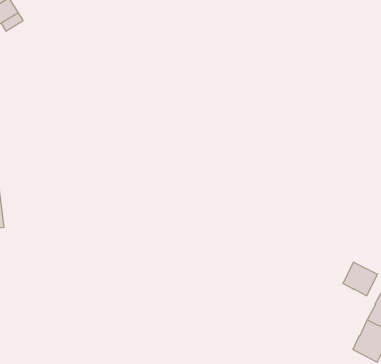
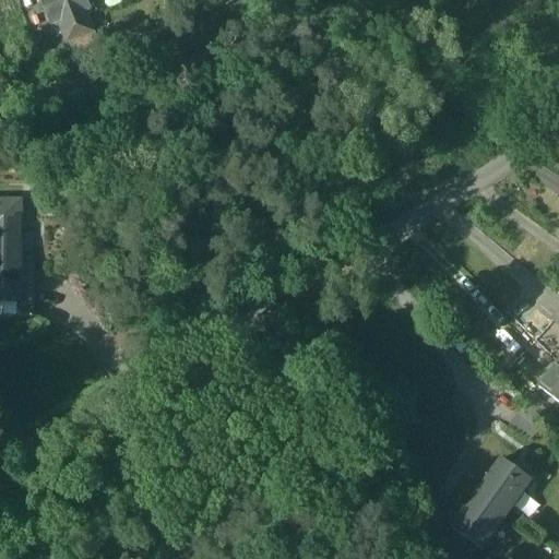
building: [343,262,378,296] -> none

